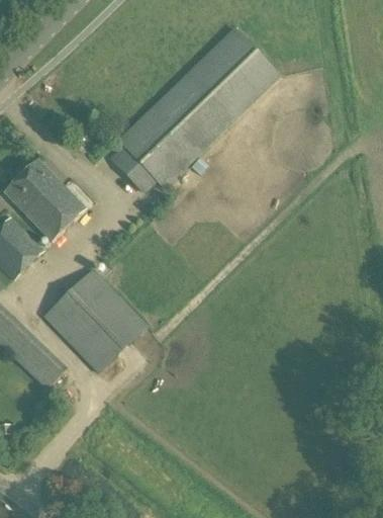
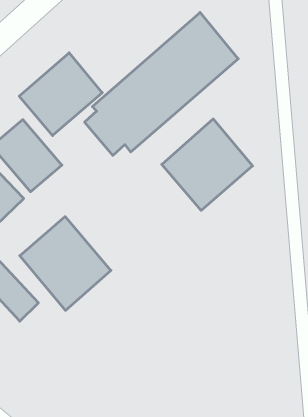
building: none -> [19,53,102,136]
building: none -> [162,119,253,210]

